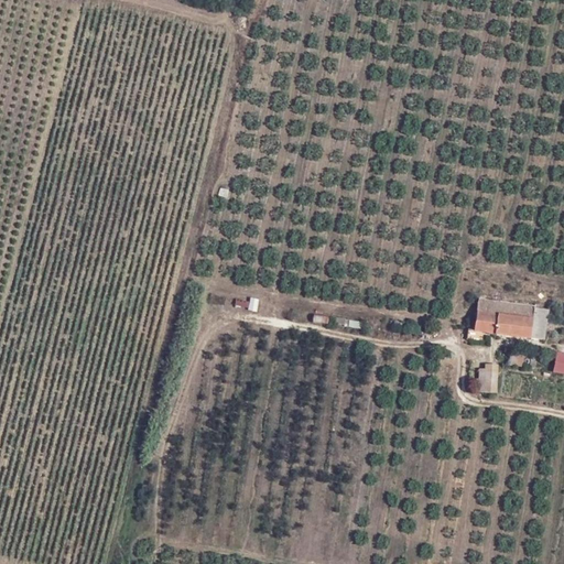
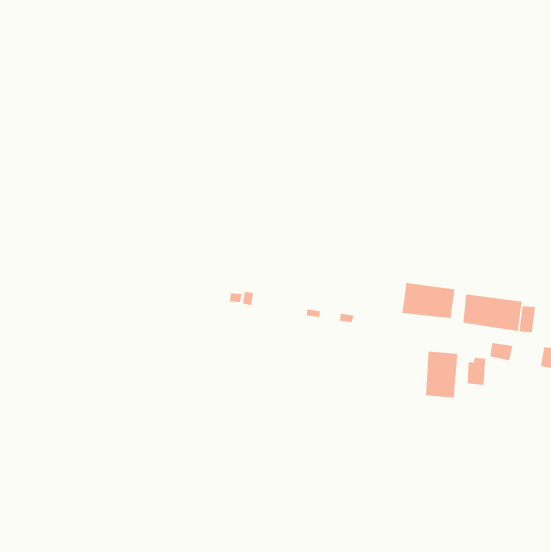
building: none -> [402,282,455,319]
building: none -> [426,351,458,398]

